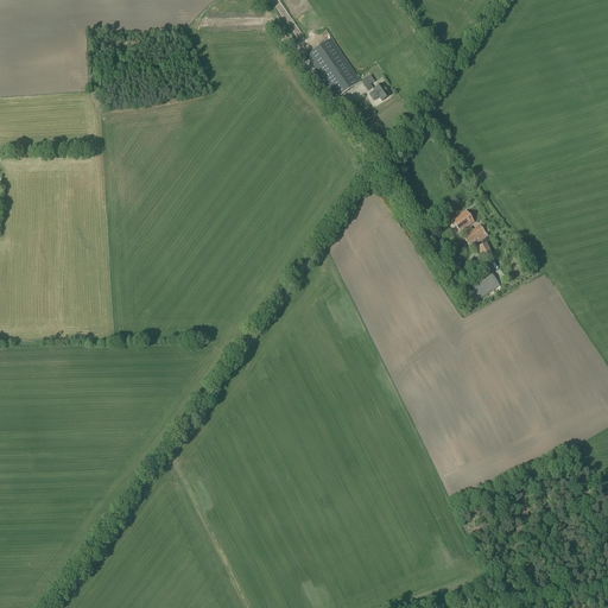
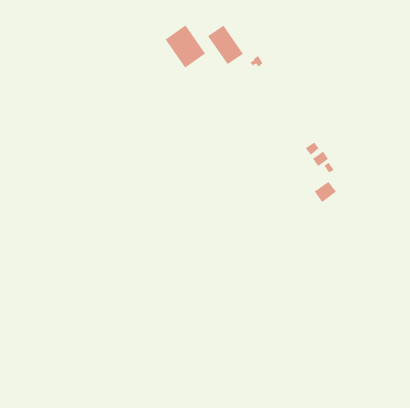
building: none -> [165,24,206,68]

